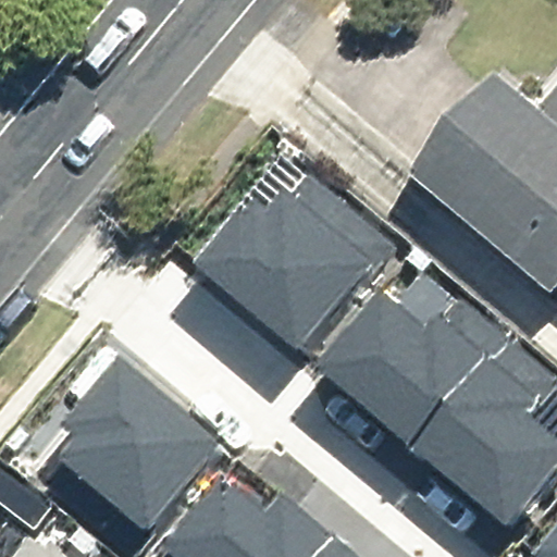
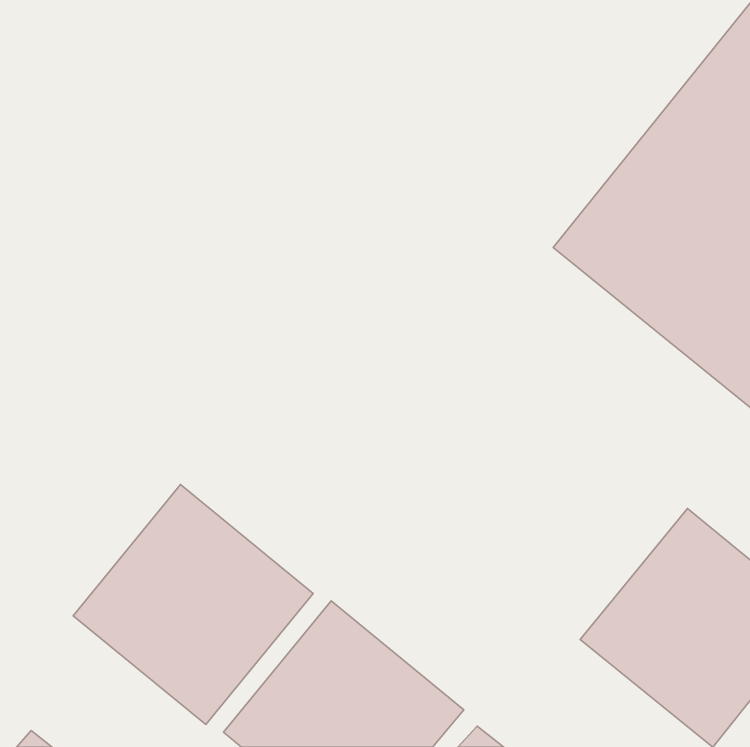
building: [197,170,372,345] -> none
building: [312,269,488,444] -> none

